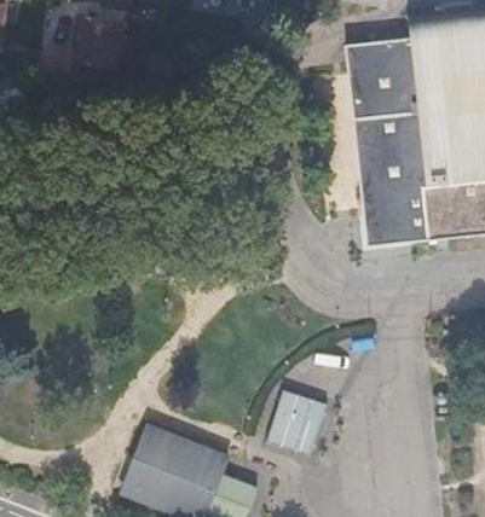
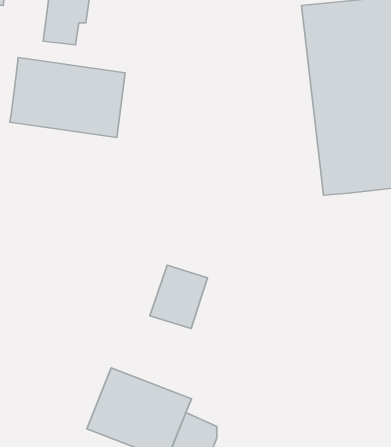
building: none -> [10,58,125,137]
building: [267,390,328,457] -> [150,265,207,328]

